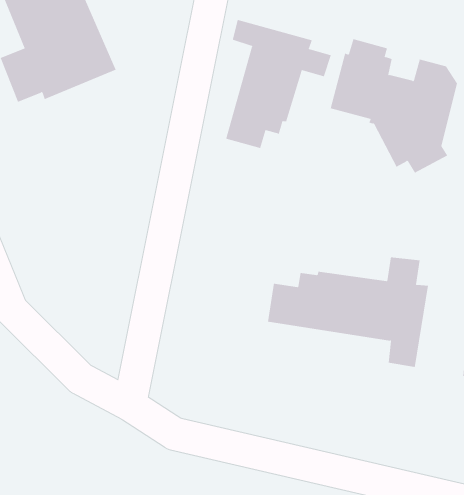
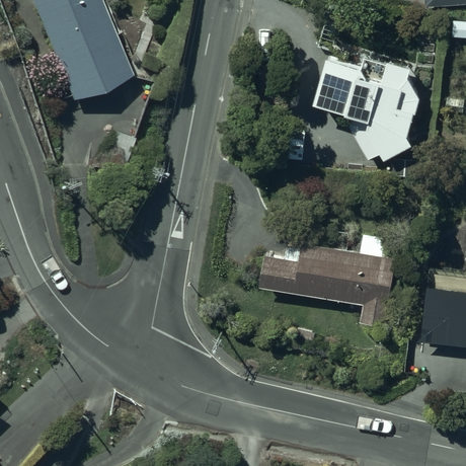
building: [225,19,331,149] -> none

